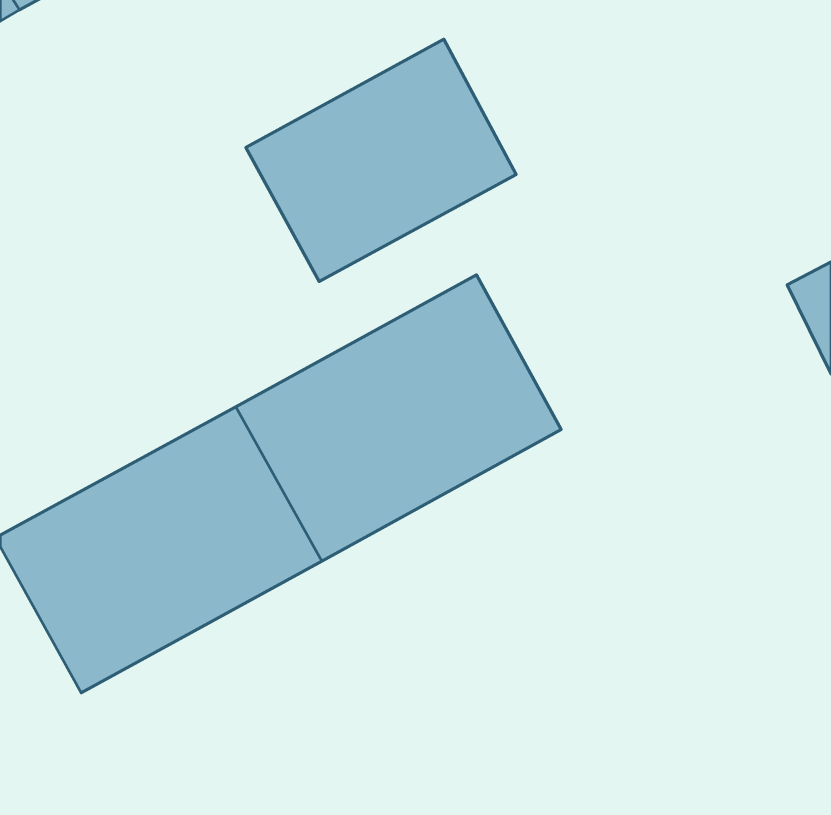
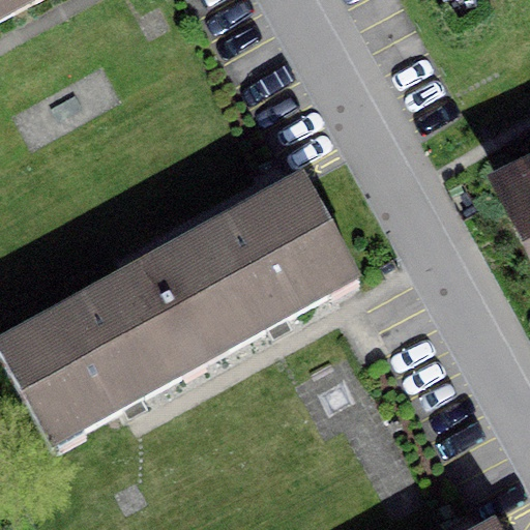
building: [246,39,516,282] -> none

